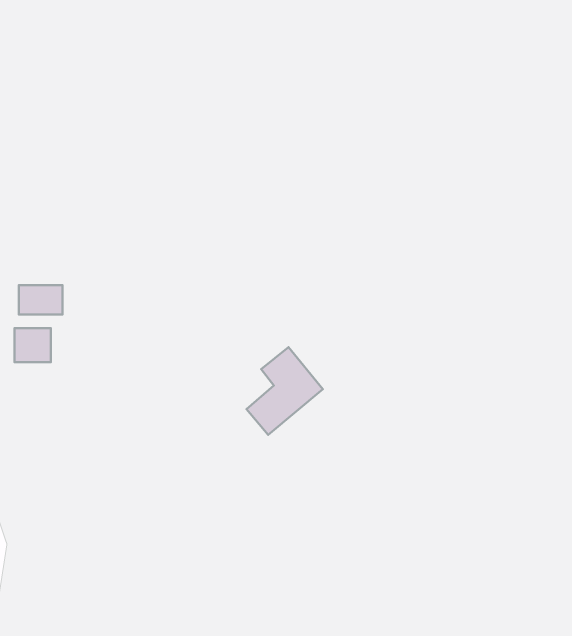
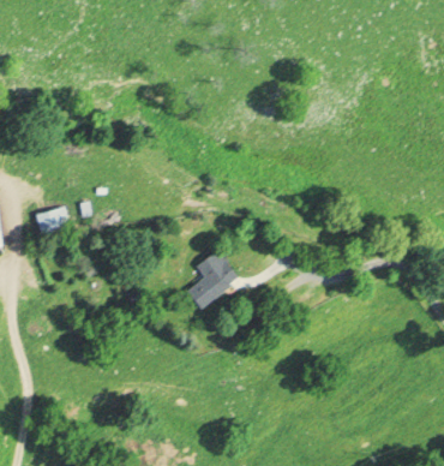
building: [14,328,51,362] -> none

